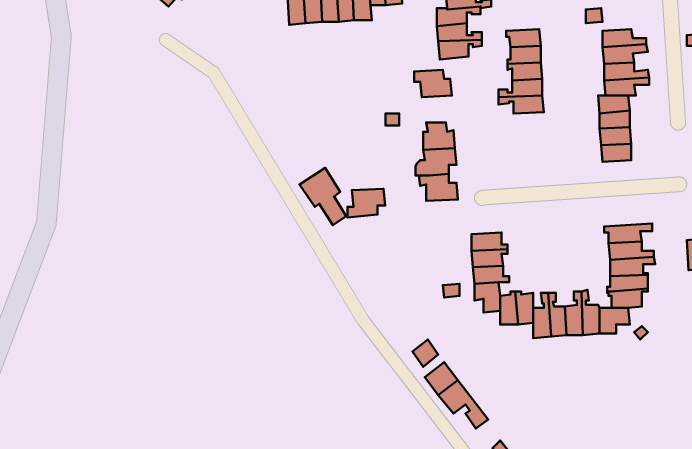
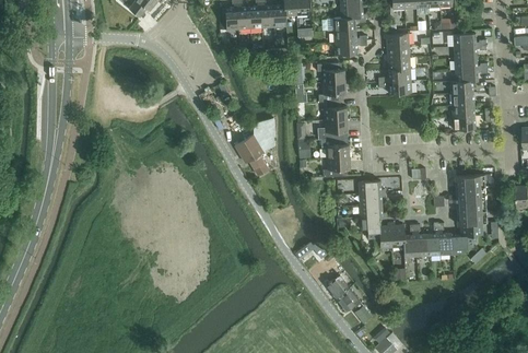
building: none -> [318,81,345,102]
building: [347,189,385,217] -> [322,156,350,177]

